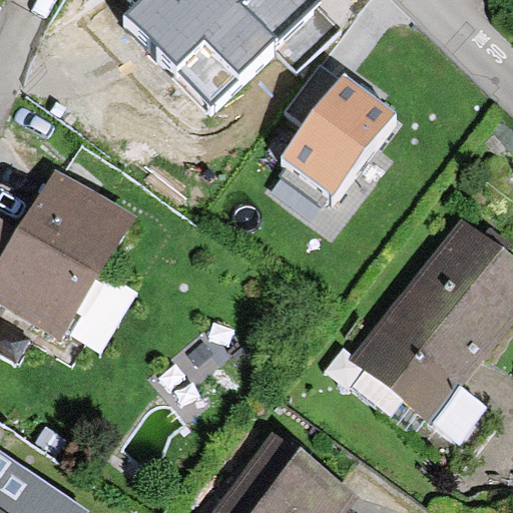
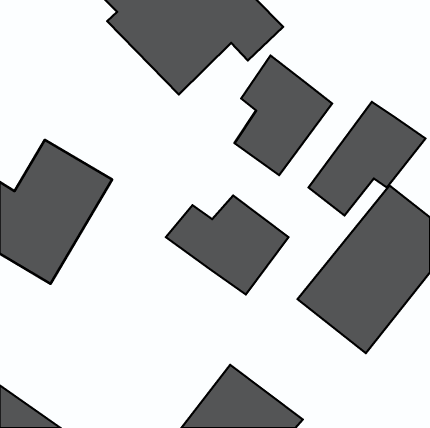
building: none -> [308,102,425,215]
building: none -> [166,195,288,295]

